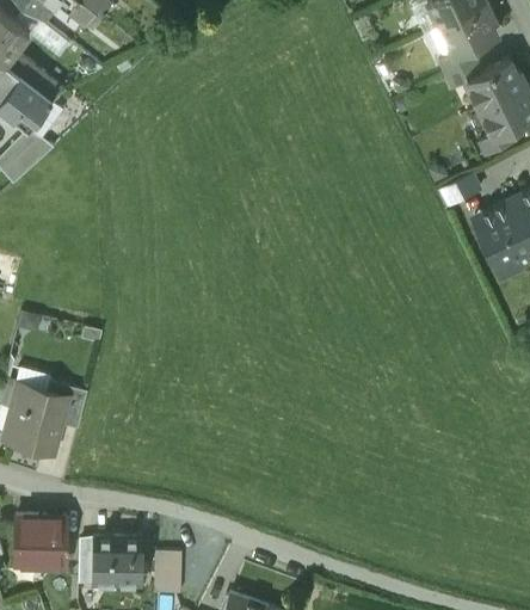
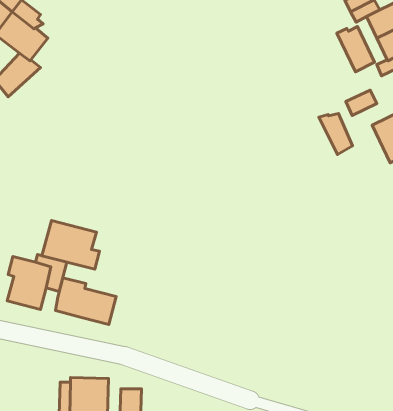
building: none -> [337,26,375,72]
building: none -> [319,114,353,154]
building: none -> [42,220,99,269]
building: none -> [55,278,116,325]
building: [14,517,66,566] -> none

